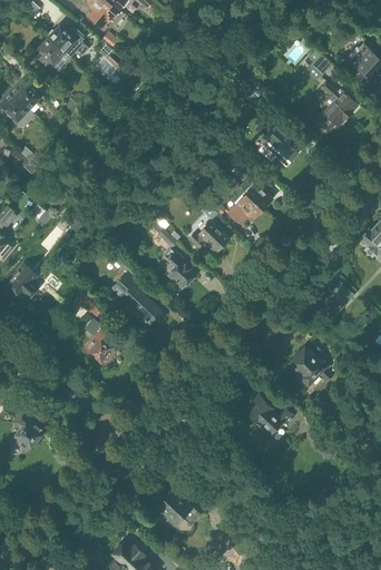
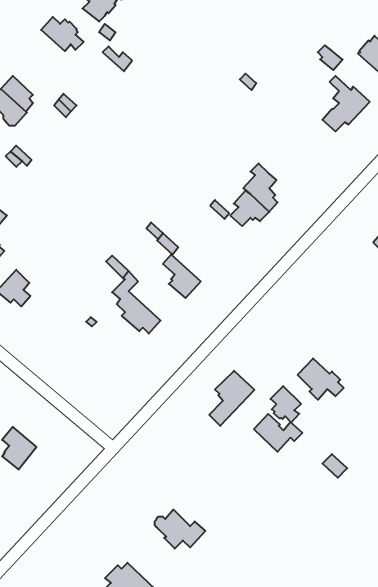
building: [37,37,70,75] -> none
building: [258,125,297,166] -> none
building: [187,220,228,252] -> none
building: [322,282,354,314] -> none
building: [84,317,117,365] -> none
building: none -> [209,371,254,426]
building: none -> [270,386,301,423]

